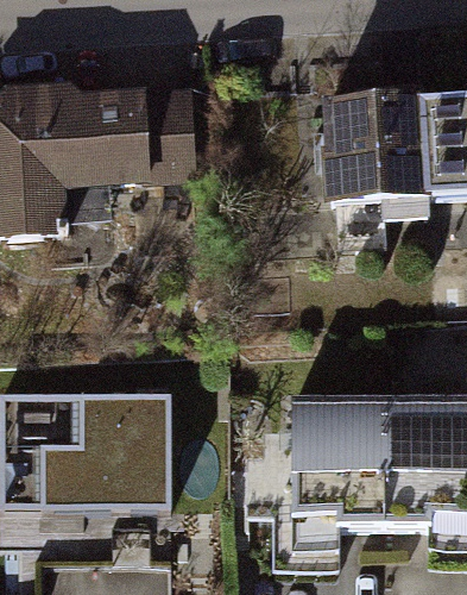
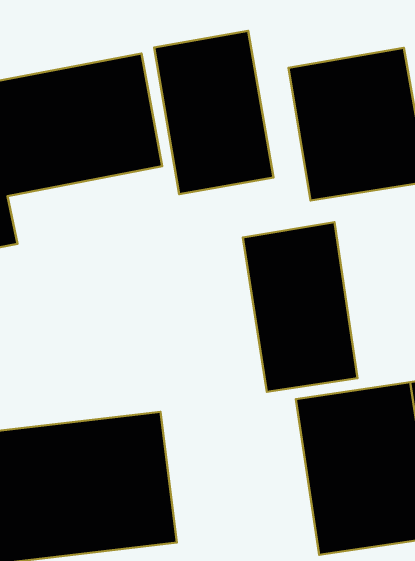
building: none -> [154,31,273,194]
building: none -> [243,222,358,392]

